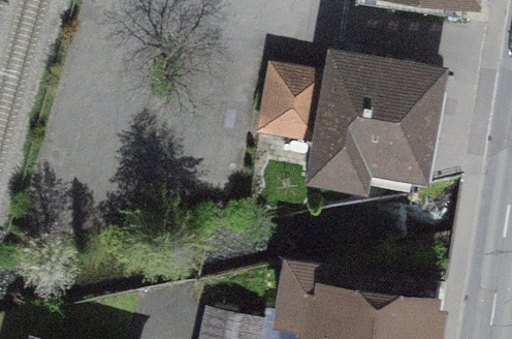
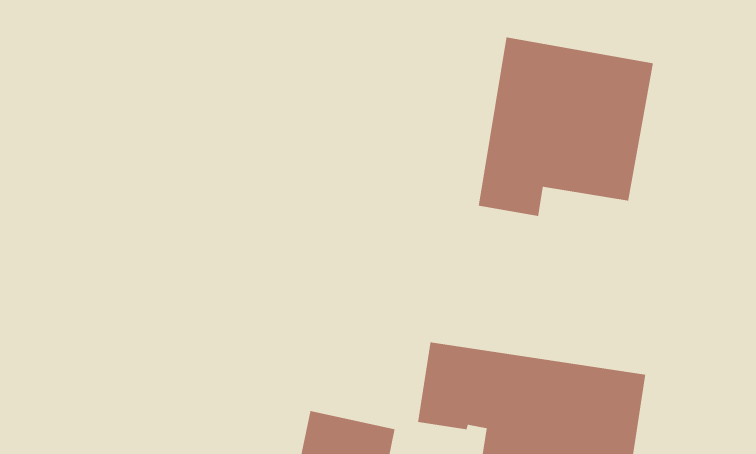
building: [261,67,323,136] -> none

